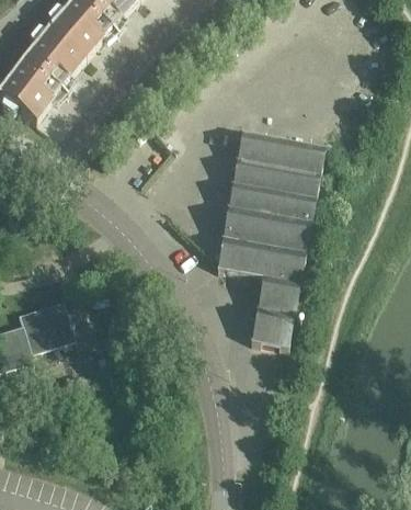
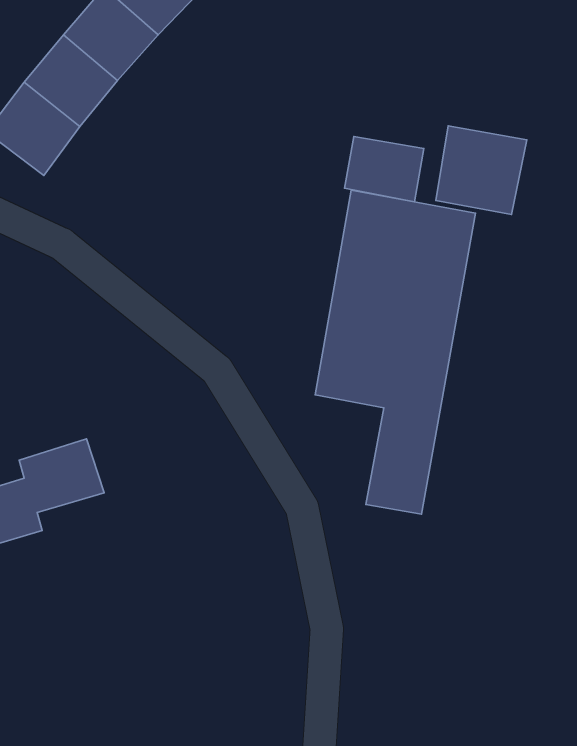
building: none -> [436,126,527,214]
building: none -> [345,137,424,202]

